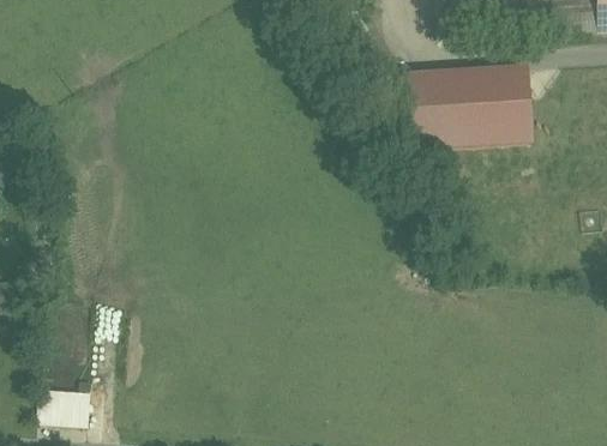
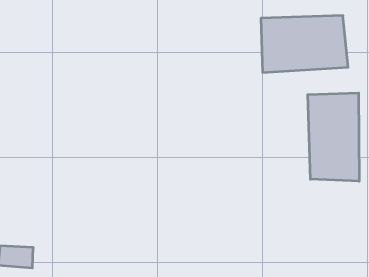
building: none -> [308,93,359,181]

